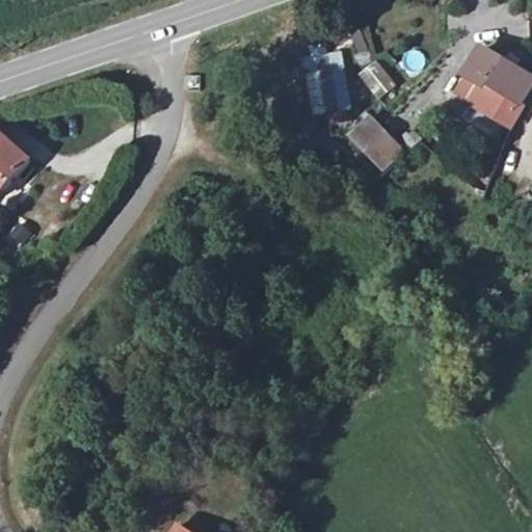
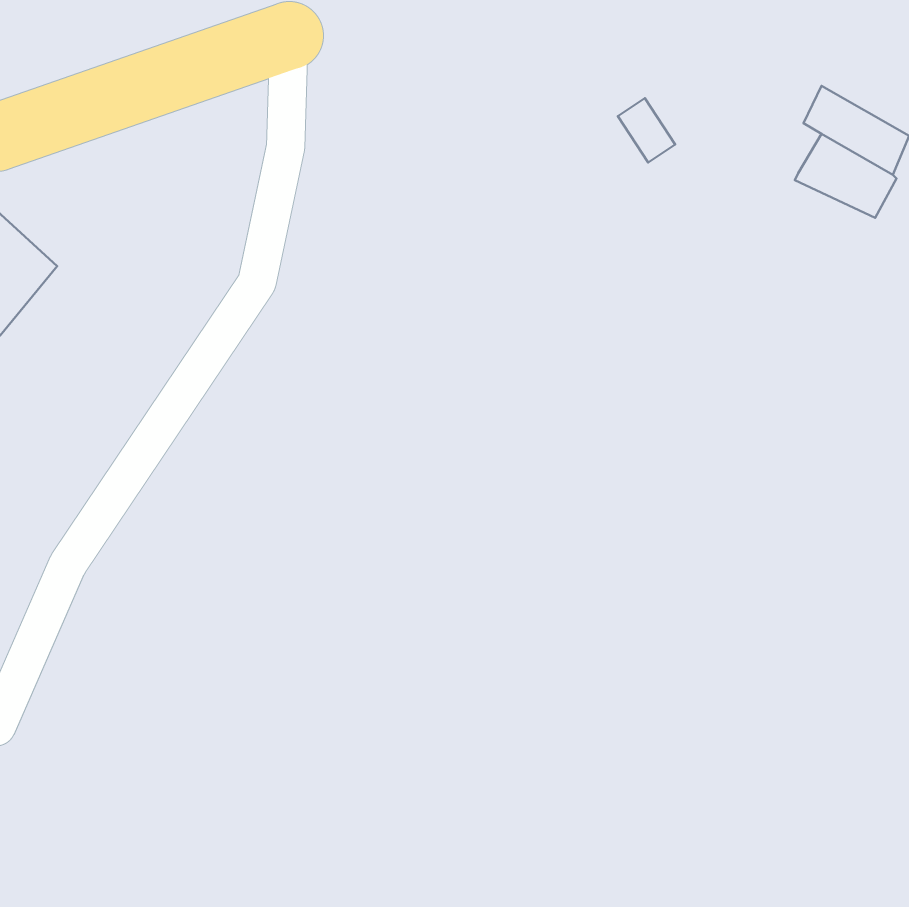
building: [307,54,345,108] -> none
building: [349,117,402,169] -> none

